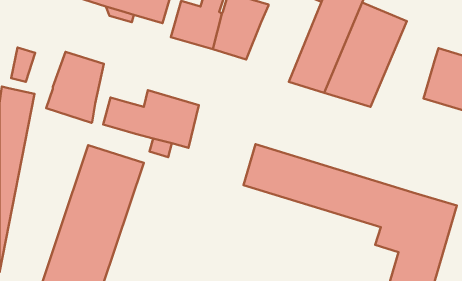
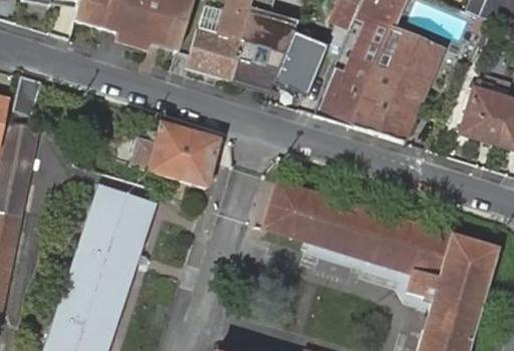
building: none -> [274,39,328,99]
building: [46,52,104,123] -> none

